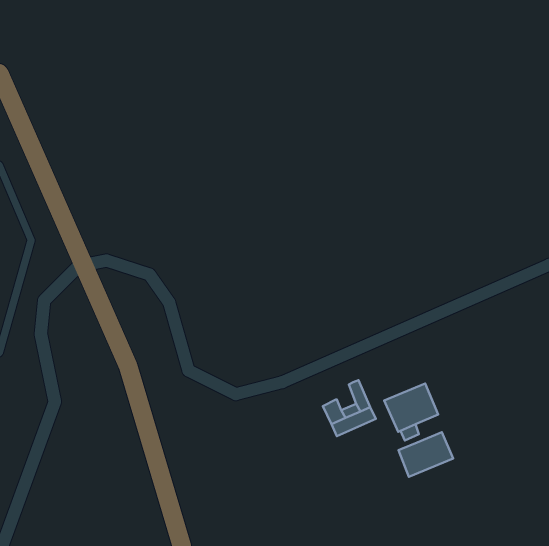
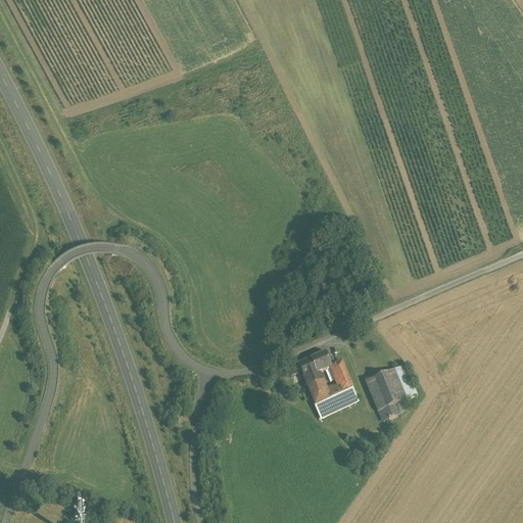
building: none -> [297,350,335,385]
building: [398,432,453,477] -> none

